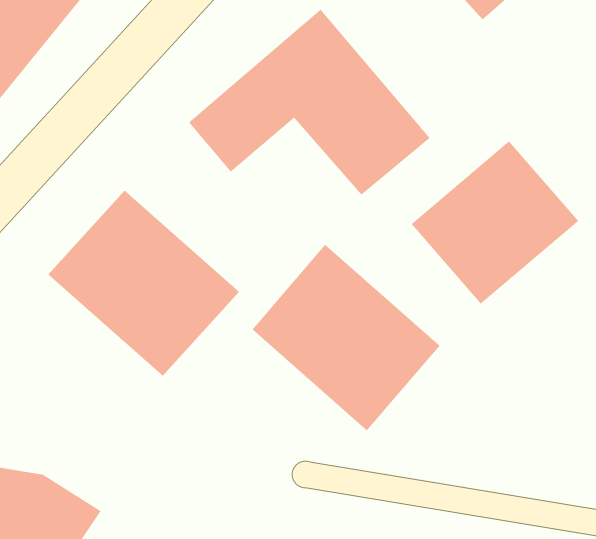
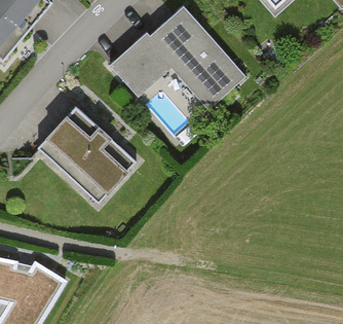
building: [411,141,579,304] -> none
building: [252,244,440,431] -> none

